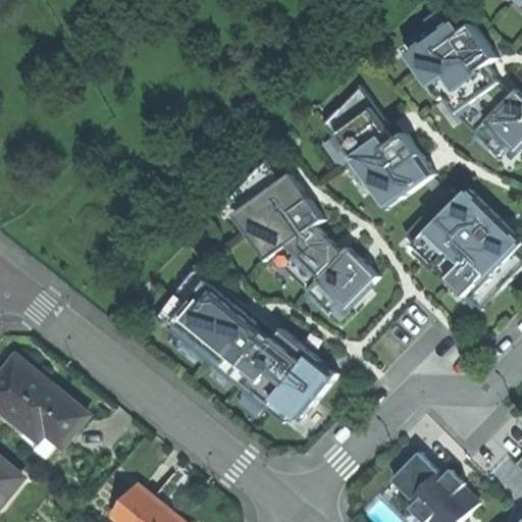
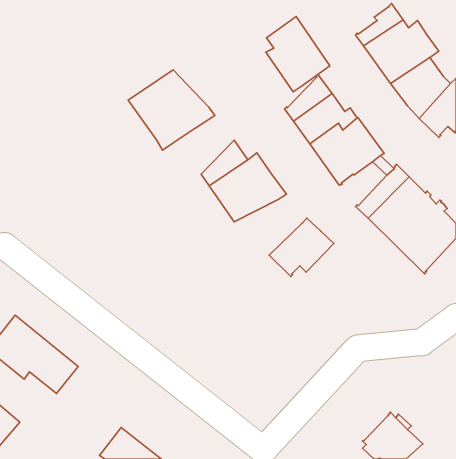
building: none -> [266,17,330,92]
building: none -> [128,70,215,150]
building: [266,226,344,290] -> none
building: [153,265,340,424] -> none
building: [394,453,440,500] -> none

